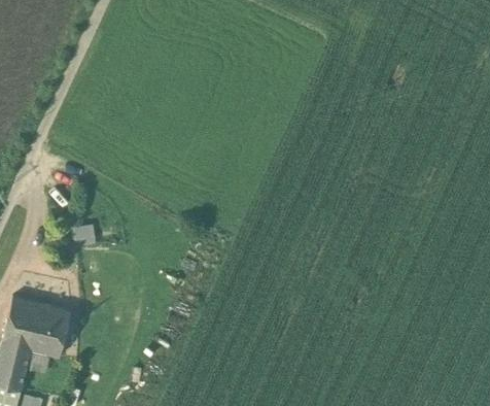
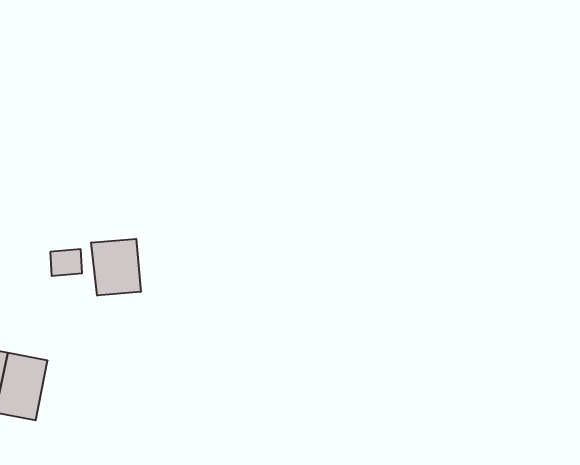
building: none -> [91,239,141,296]

